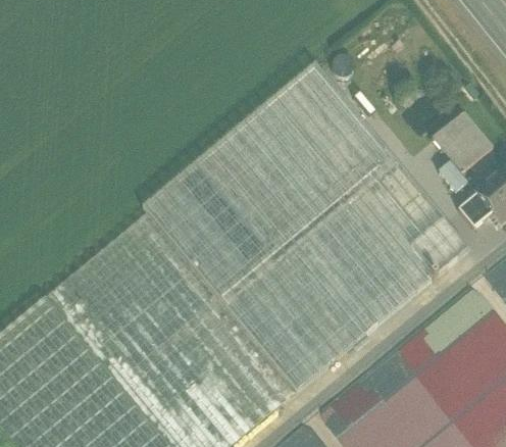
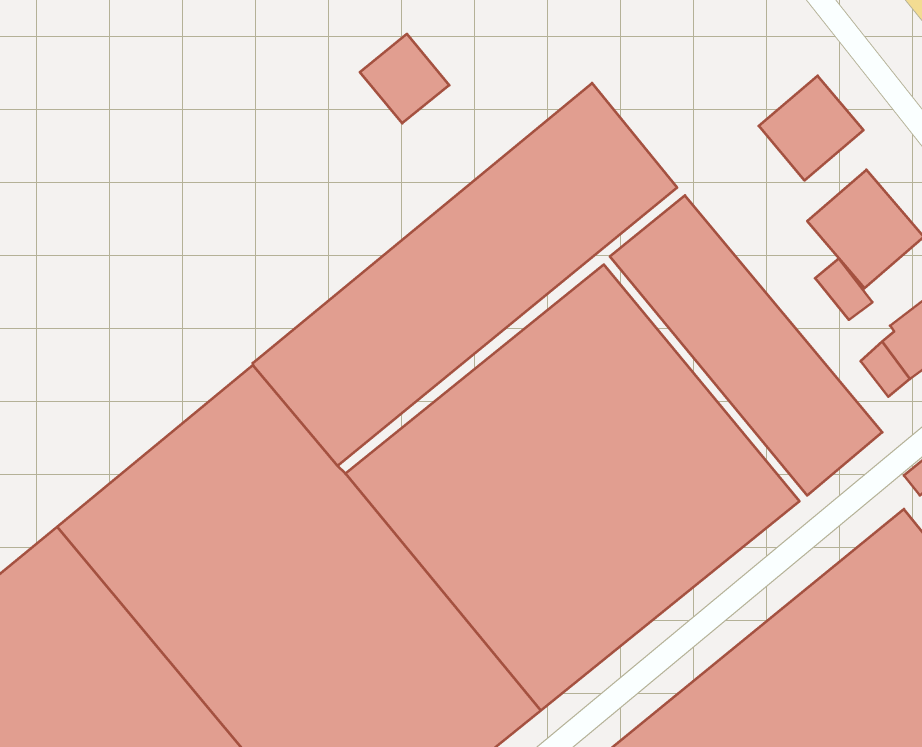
building: none -> [360,34,449,123]
building: none -> [759,76,863,180]

